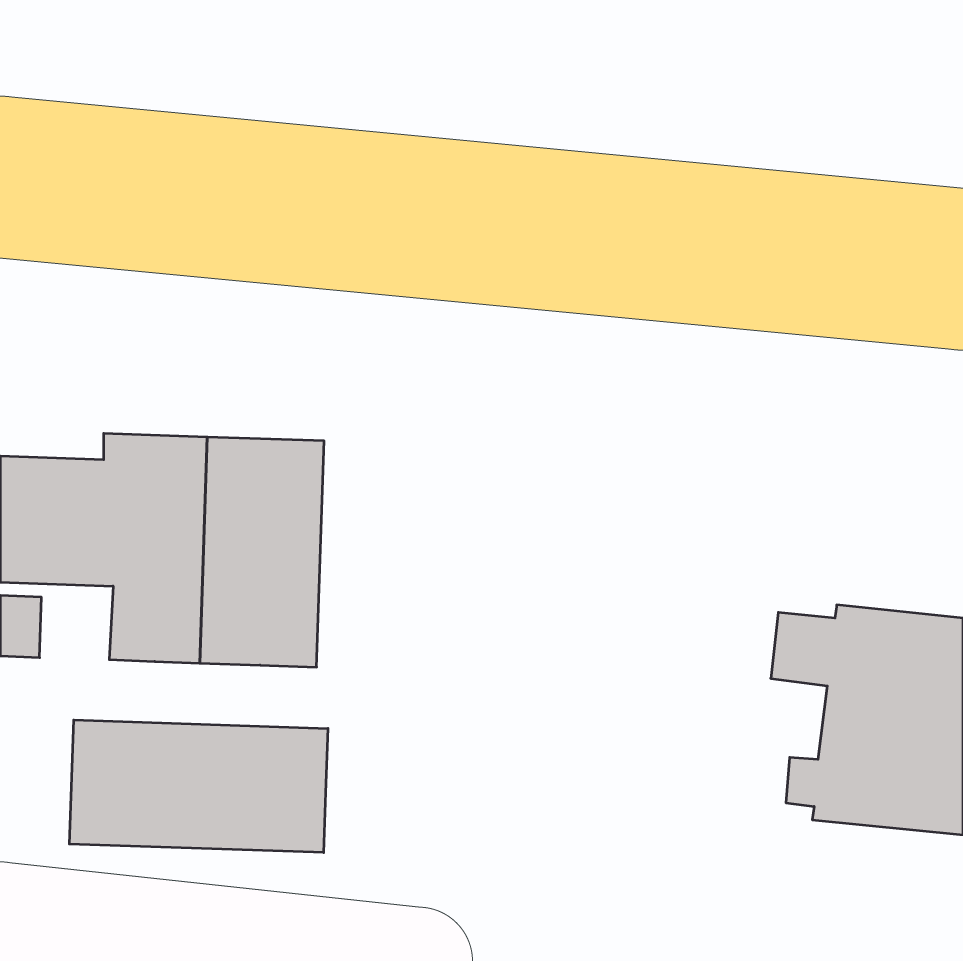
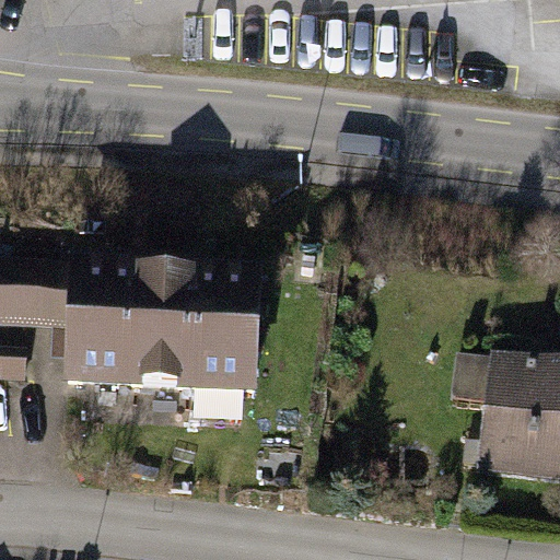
building: none -> [184,256,261,389]
building: [69,720,328,853] -> none

